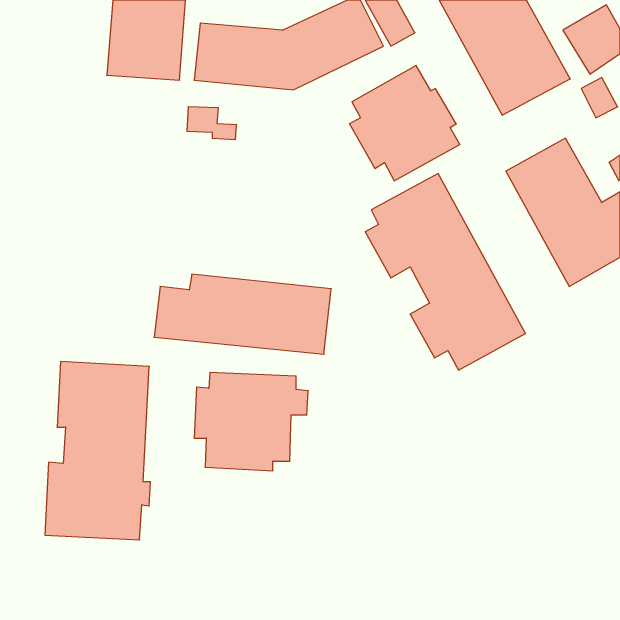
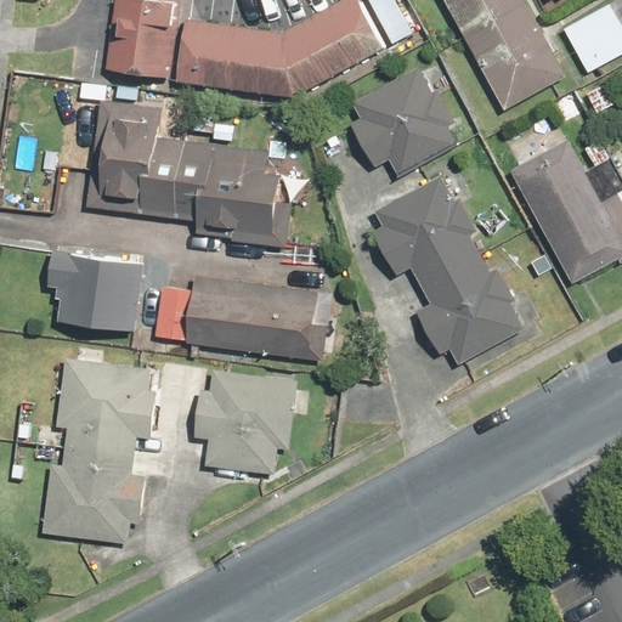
building: none -> [100,103,302,244]
building: none -> [45,241,148,337]

